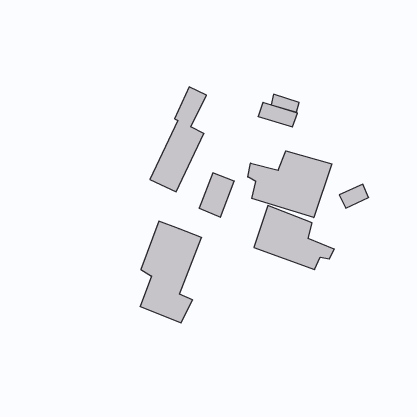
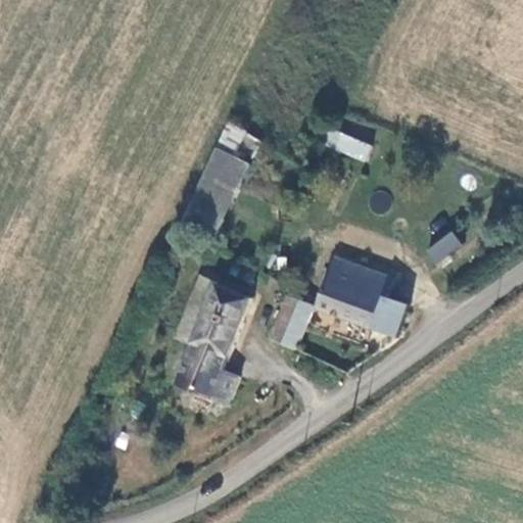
building: [248,151,332,218] -> none
building: [199,173,234,217] -> [269,295,313,350]

